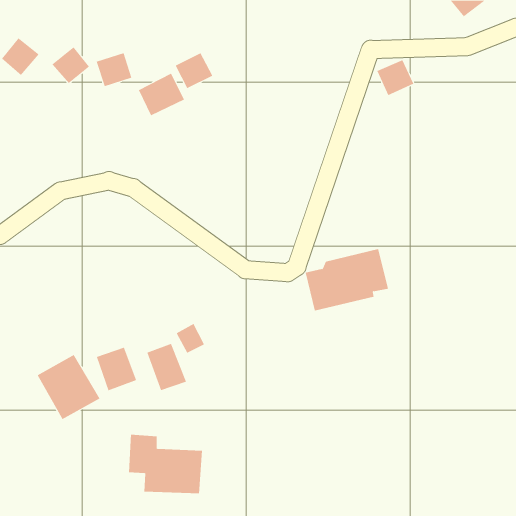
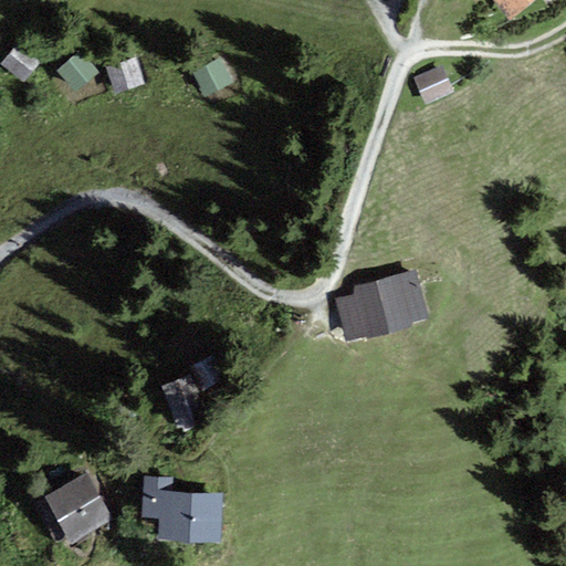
building: [138,73,185,116] -> none
building: [96,347,137,391] -> none
building: [37,354,101,420] -> [44,472,114,544]

